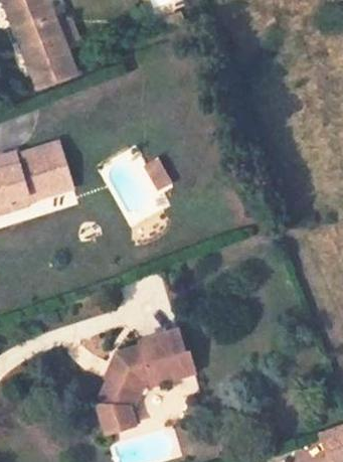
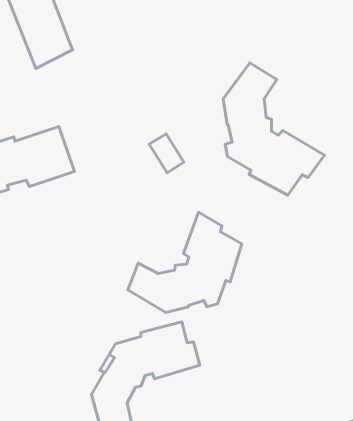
building: none -> [223,63,324,195]
building: none -> [128,212,242,313]

